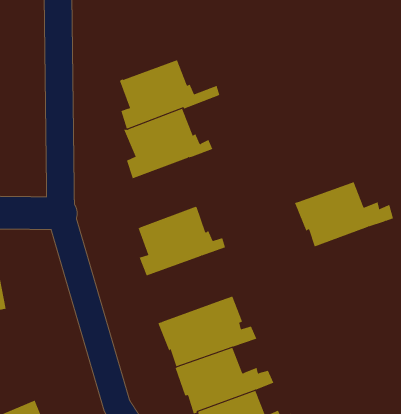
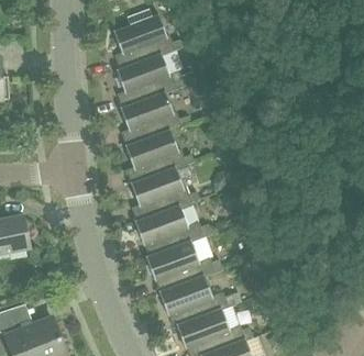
building: none -> [112,14,181,69]
building: none -> [124,130,194,183]
building: [294,182,394,247] -> [133,205,210,256]

